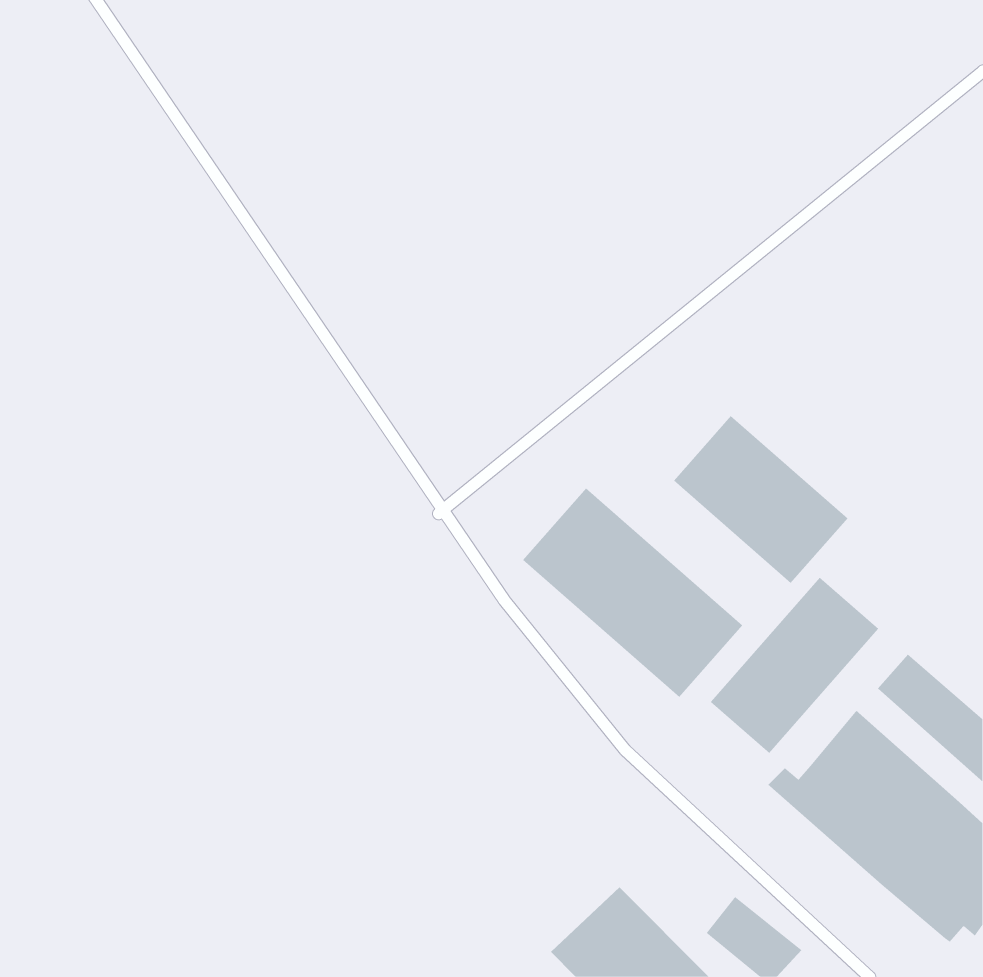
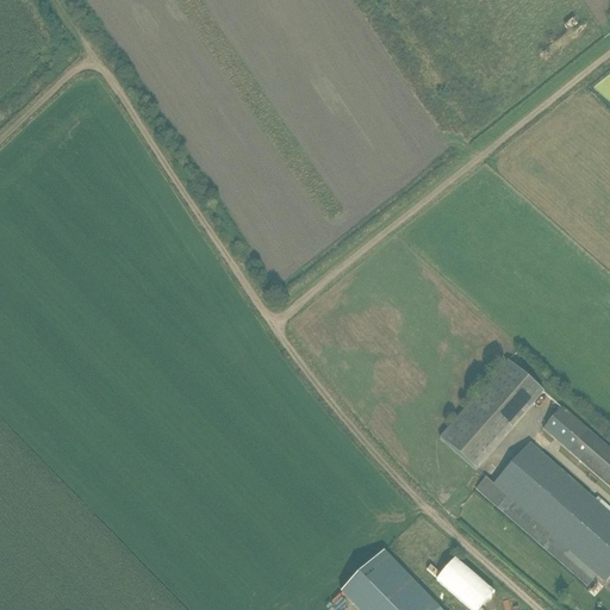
building: [673,415,848,584] -> none
building: [522,488,743,698] -> none

